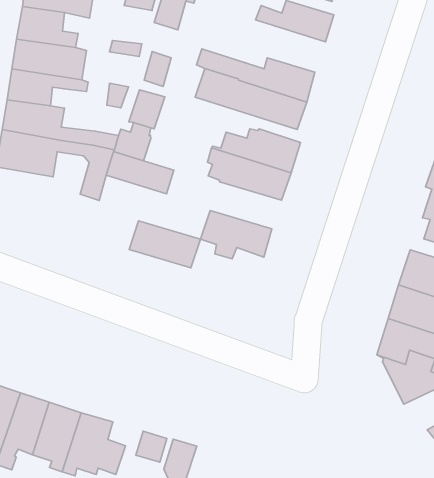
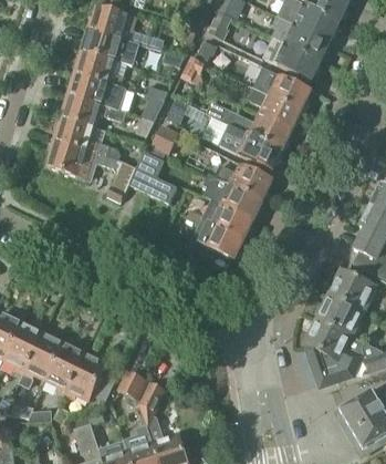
building: none -> [232,83,301,130]
building: [129,221,200,268] -> [199,199,252,239]

